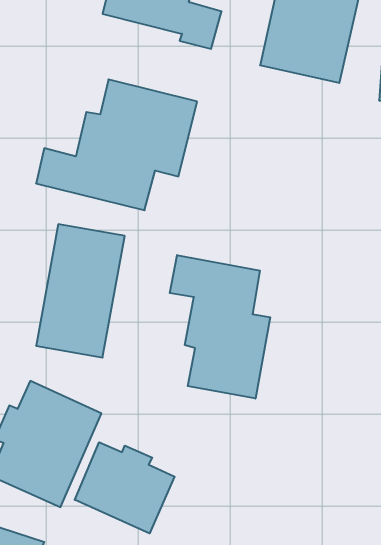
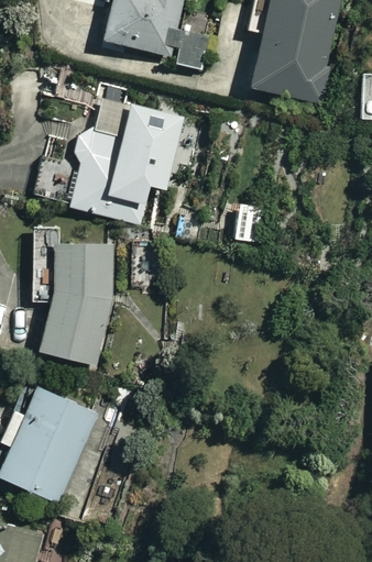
building: [170,255,270,399] -> none
building: [75,442,175,533] -> none

